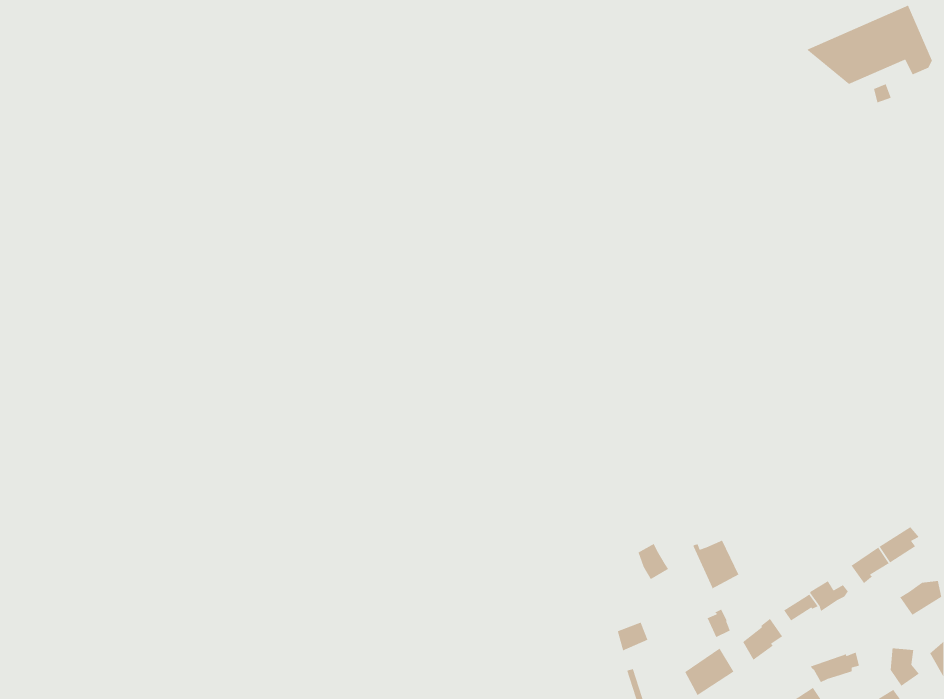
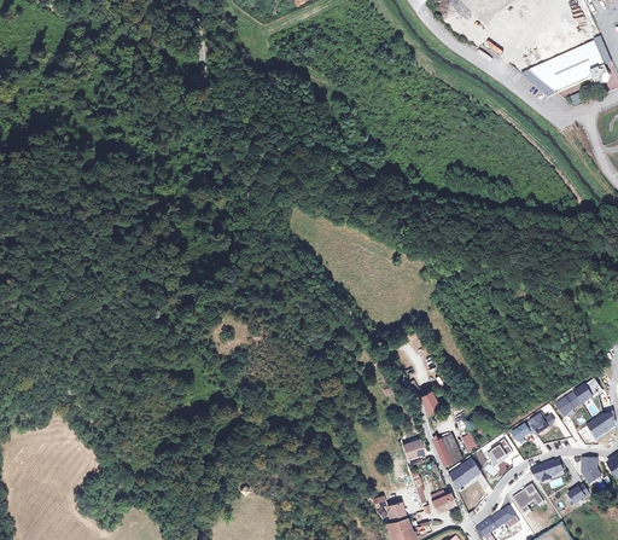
building: [693,539,739,590] -> [433,436,464,469]

